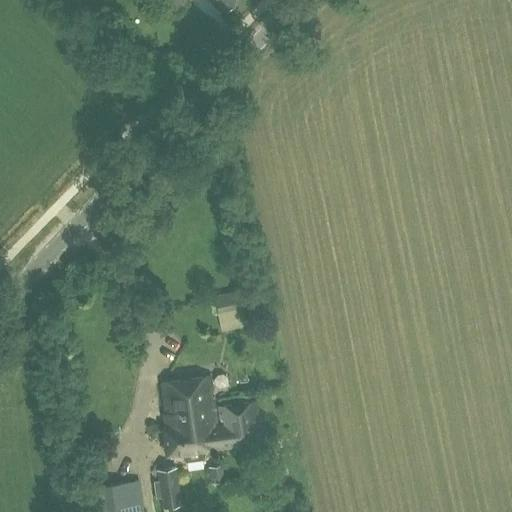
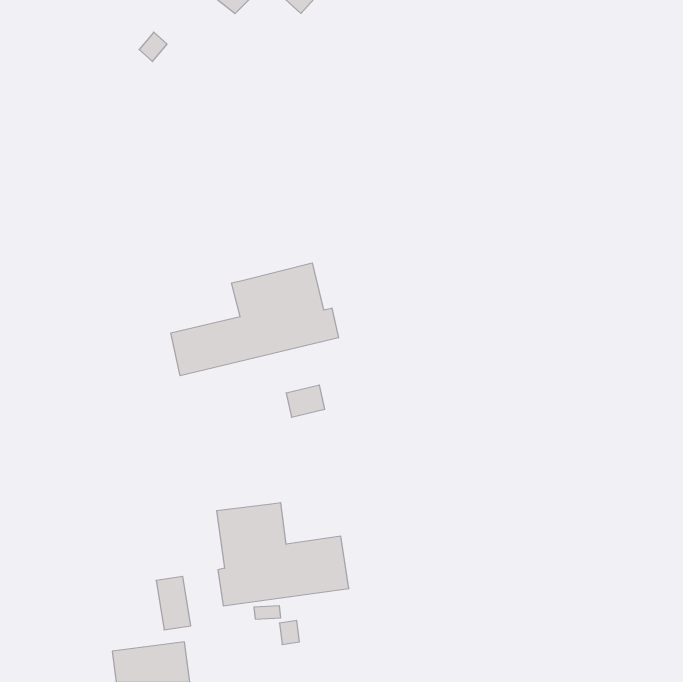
building: none -> [171,263,339,376]
building: [156,466,182,506] -> [156,576,191,630]

